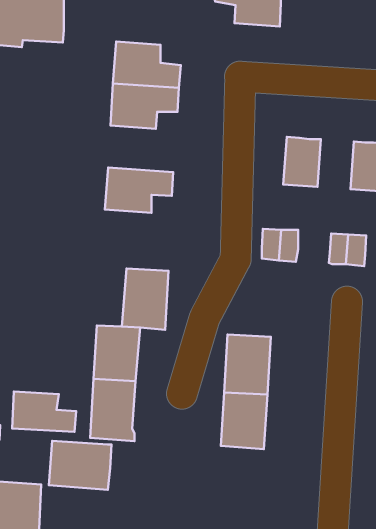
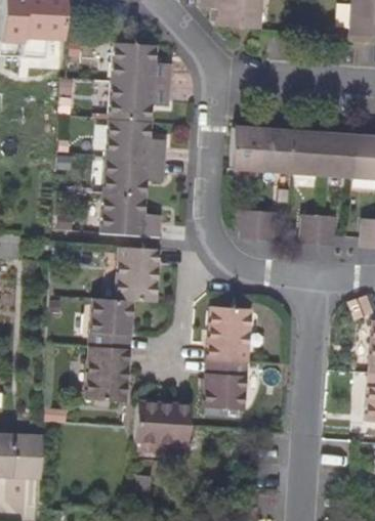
building: none -> [103,118,164,160]
building: none -> [230,127,264,171]
building: none -> [292,130,325,175]
building: none -> [98,193,159,236]
building: [12,392,76,432] -> none
building: [49,441,111,490] -> [135,401,192,445]

